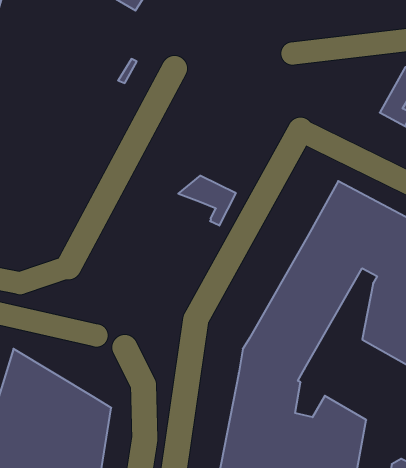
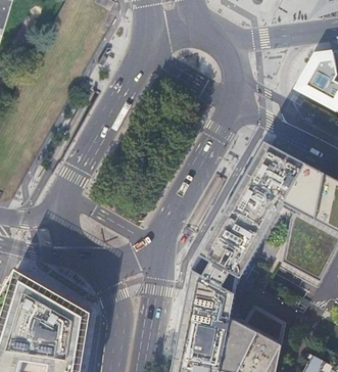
building: [178,176,236,226] -> none

